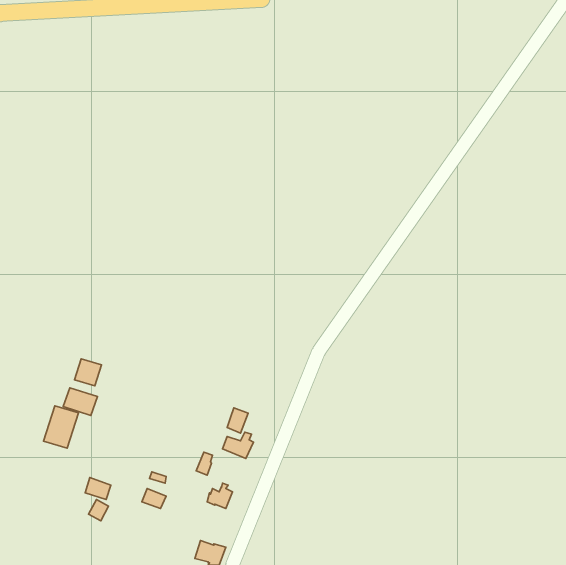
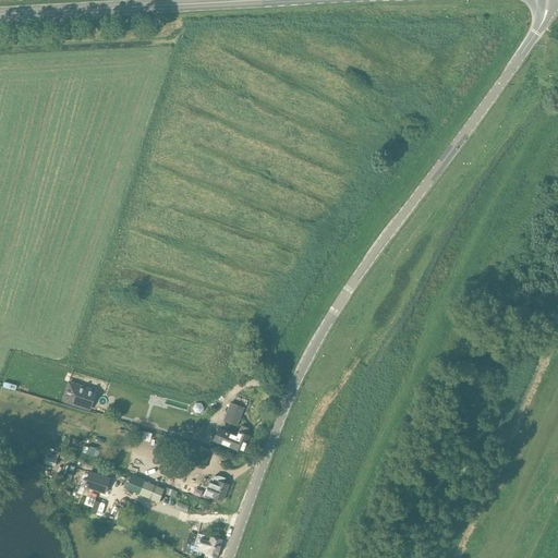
building: [74,359,101,386] -> none
building: [43,406,78,448] -> none

